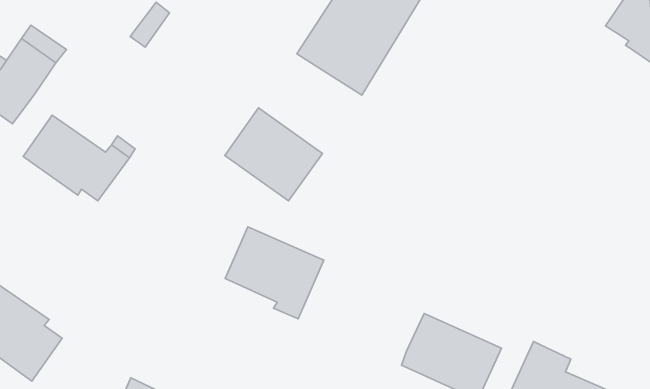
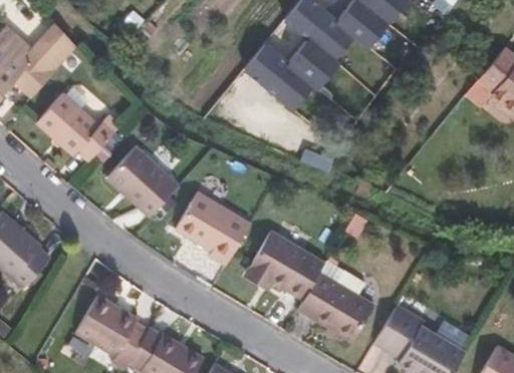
building: [225,108,322,201] -> [106,146,179,218]
building: none -> [247,231,325,299]

